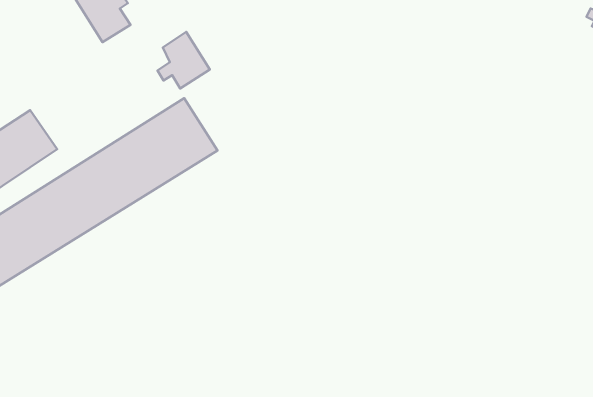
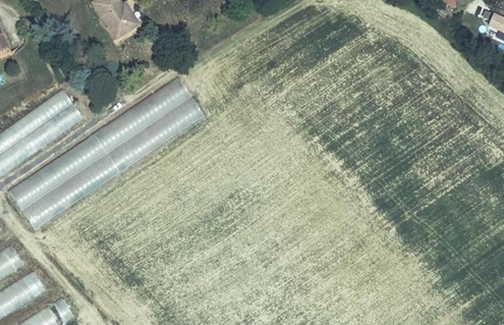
building: [158,32,210,89] -> none

